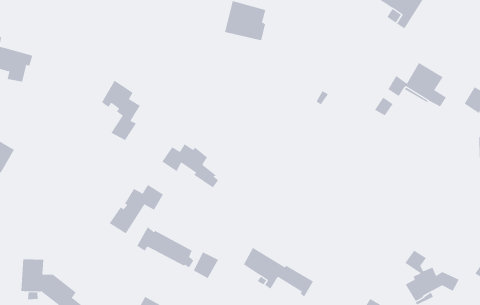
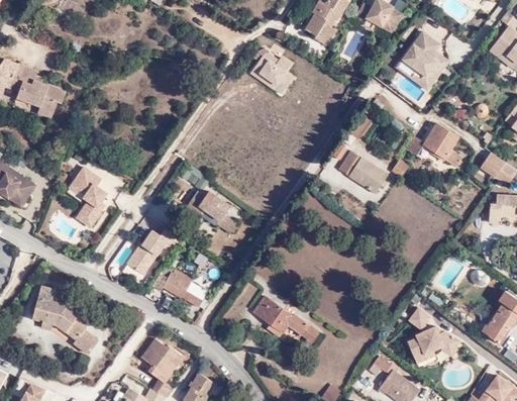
building: [101,80,141,141] -> [72,165,110,225]
building: none -> [338,154,389,198]
building: [193,251,219,279] -> none

